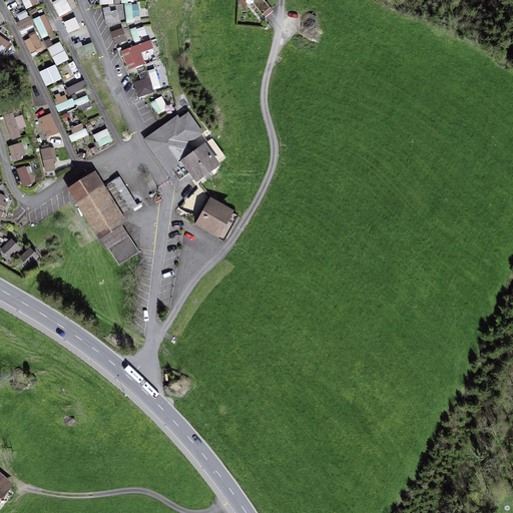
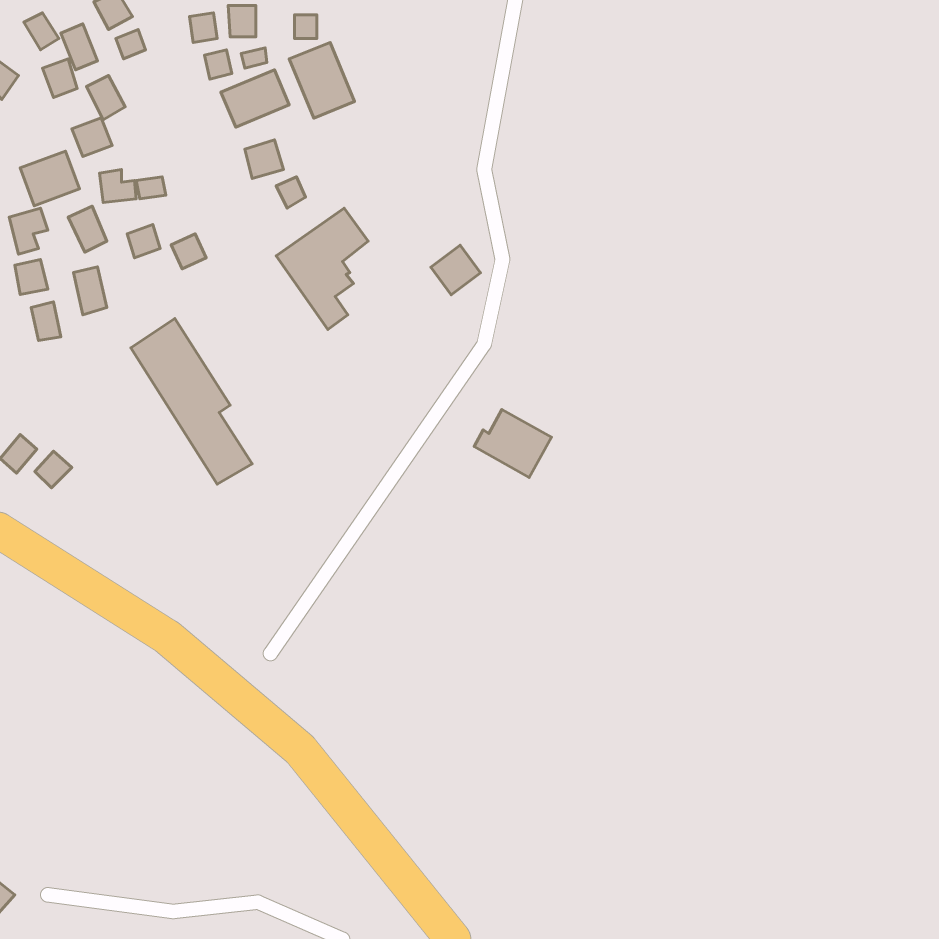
building: none -> [289,42,355,118]
building: none -> [20,151,79,206]
building: [186,148,213,175] -> [431,245,481,295]
building: [194,200,236,237] -> [474,410,551,478]

